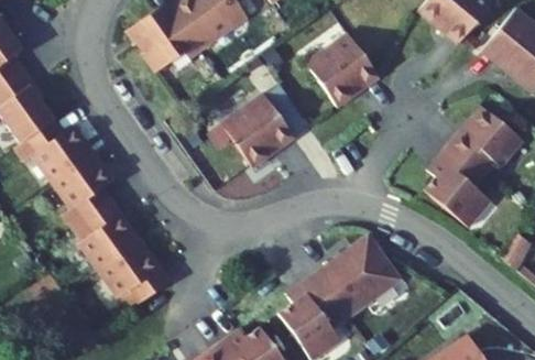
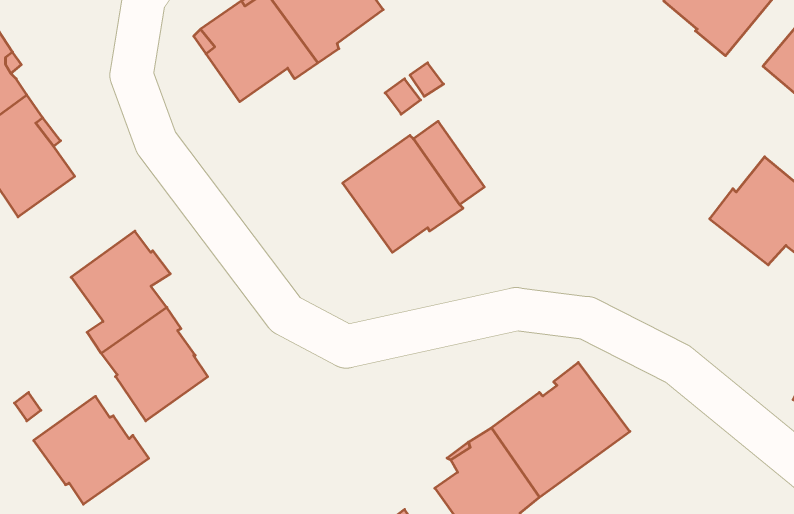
building: [306,33,381,106] -> none
building: [14,119,92,182] -> none
building: [425,145,490,227] -> none
building: [99,243,171,310] -> [34,396,149,504]

